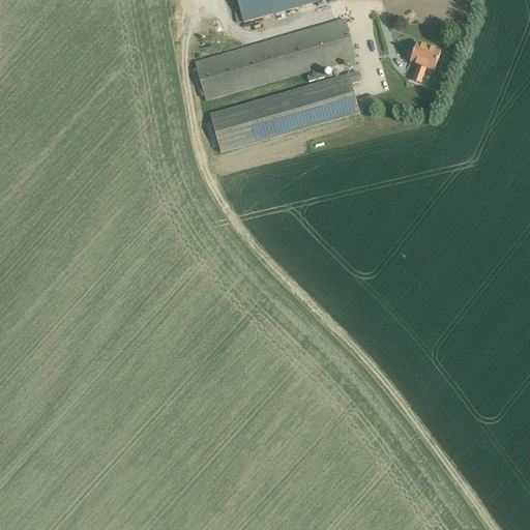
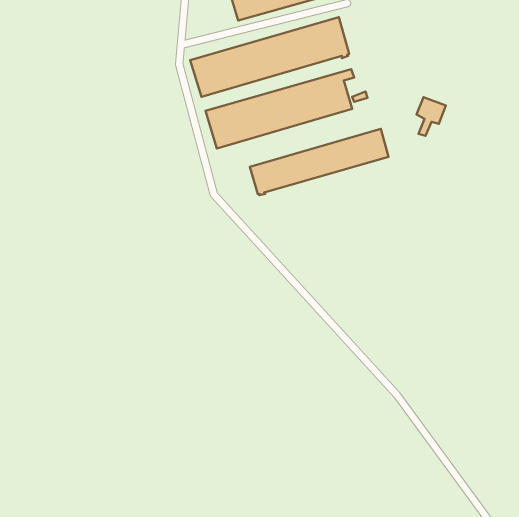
building: [409,41,439,81] -> [416,97,446,136]
building: none -> [250,129,388,195]

